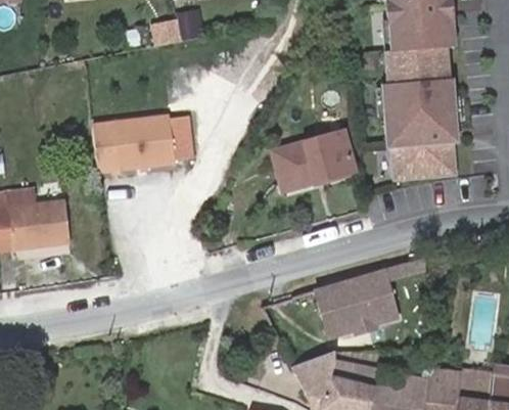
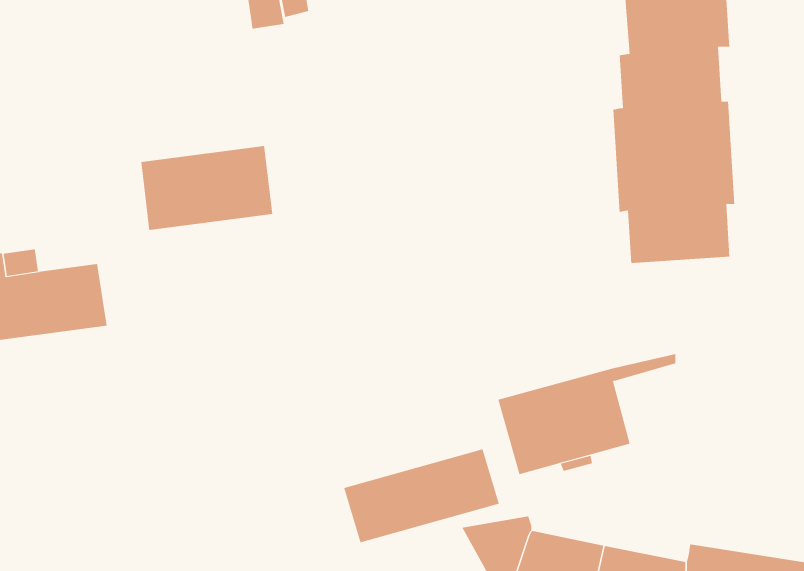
building: [166,117,192,162] -> none
building: [273,133,353,191] -> none
building: none -> [344,449,499,543]

